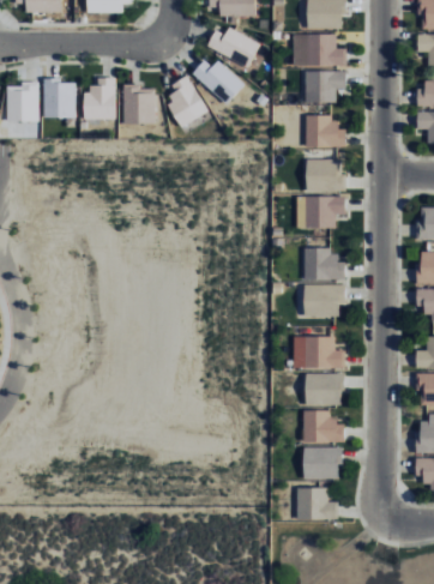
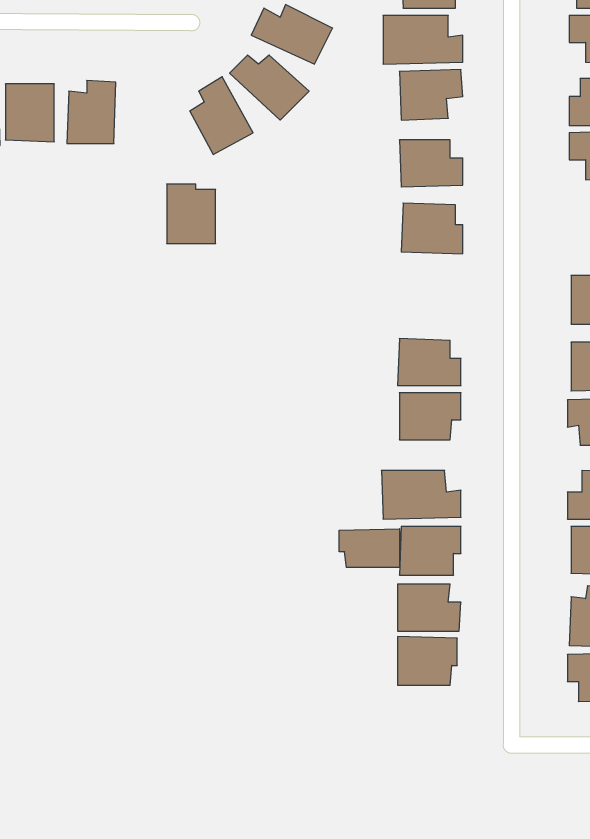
building: [123,84,156,124] -> [167,184,216,244]
building: [296,195,346,228] -> none
building: none -> [339,529,400,567]
building: [296,487,339,519] -> none

